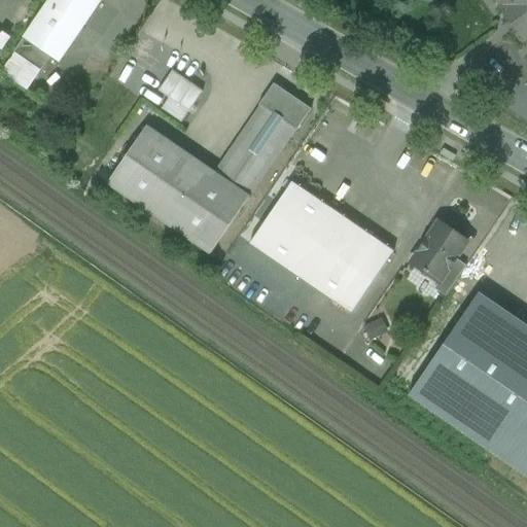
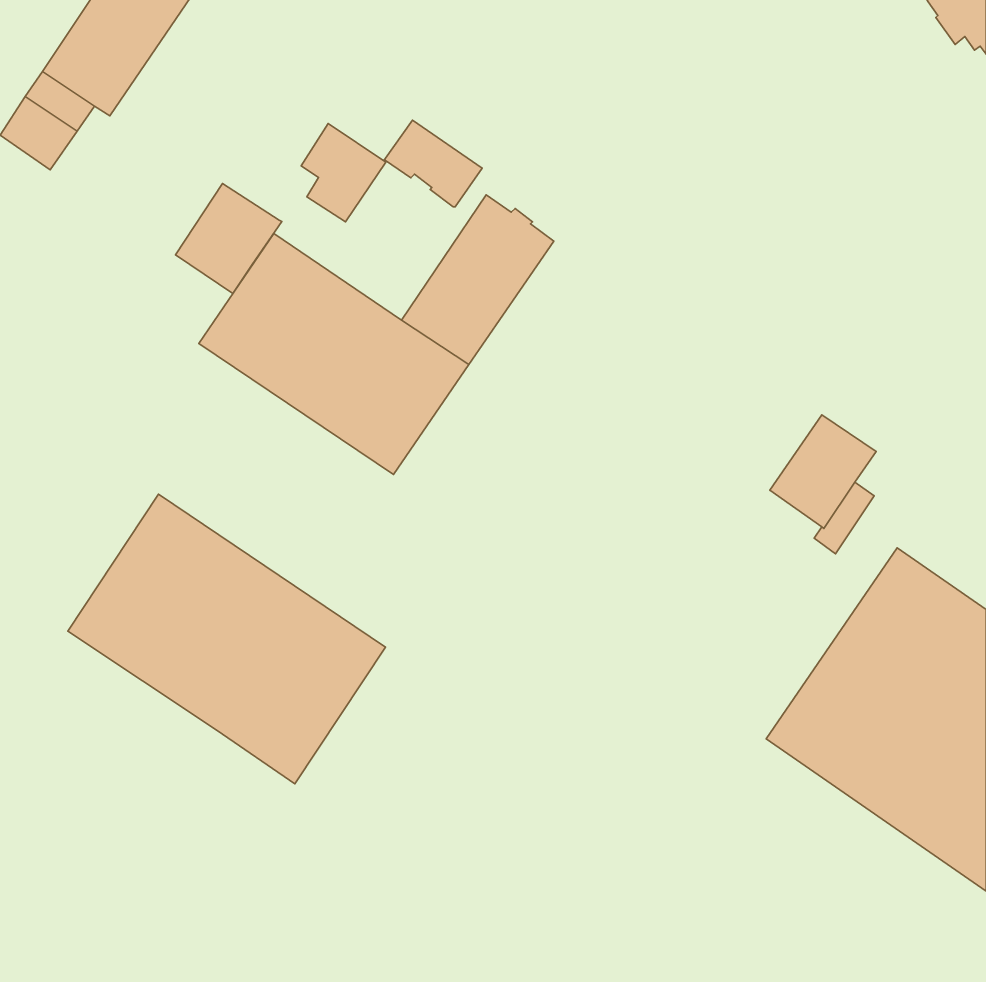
building: [258,82,311,129] -> [384,120,482,207]
building: none -> [175,183,282,294]
building: [250,181,394,312] -> none
building: none -> [68,494,386,784]

